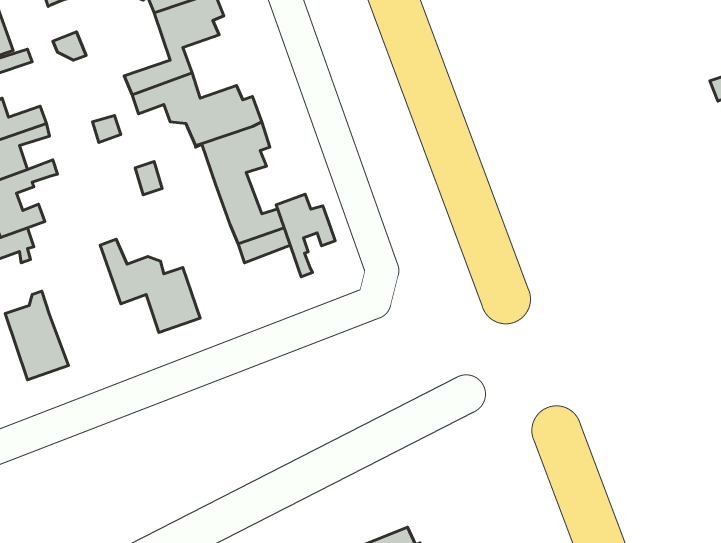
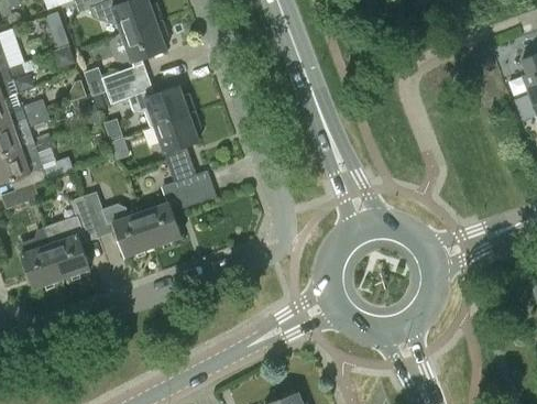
building: [276,194,335,277] -> none
building: none -> [43,196,98,280]
building: none -> [141,201,182,247]

